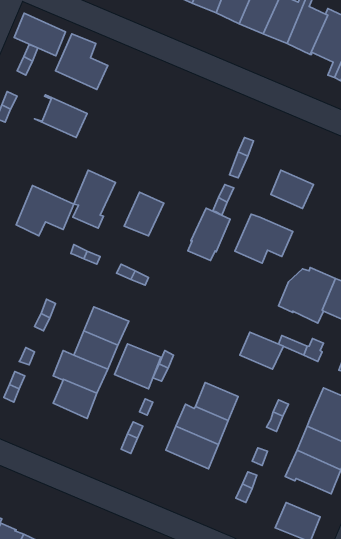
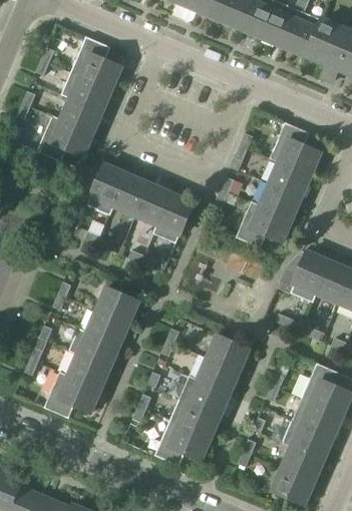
building: [14,13,66,56] -> [62,72,109,111]
building: none -> [267,122,318,176]
building: none -> [112,174,148,214]
building: [16,186,74,236] -> [37,116,90,162]
building: none -> [259,185,298,219]
building: [188,208,230,261] -> [153,193,193,241]
building: [240,332,284,369] -> [209,337,249,371]
building: [115,344,161,389] -> none
building: none -> [44,373,100,418]
building: none -> [156,420,212,466]
building: none -> [283,446,324,481]

